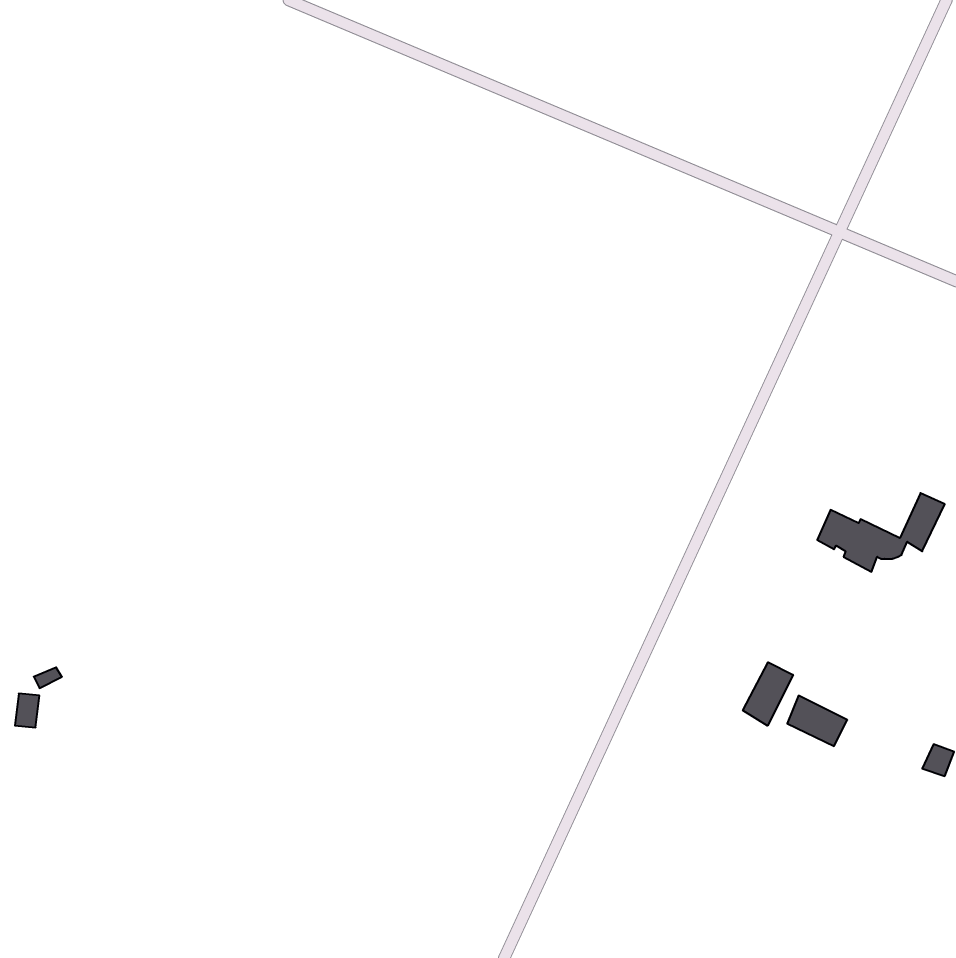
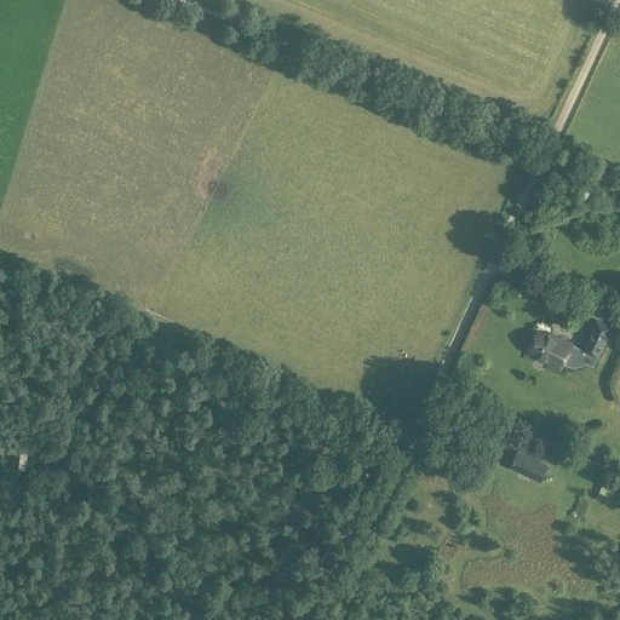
building: [743,662,793,726] -> none

